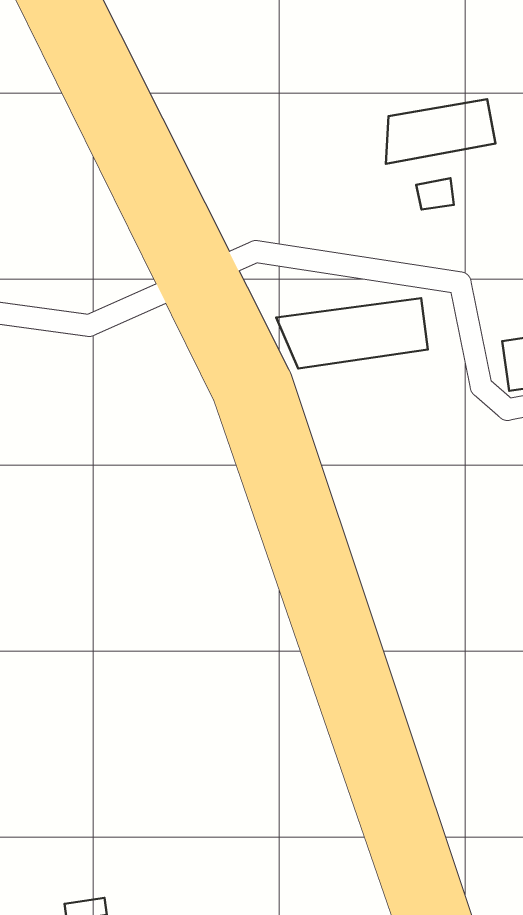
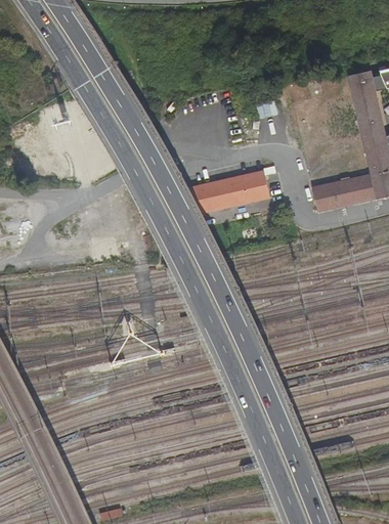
building: [386,99,496,164] -> none

